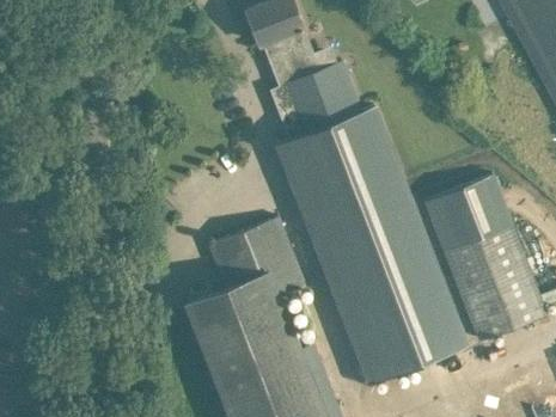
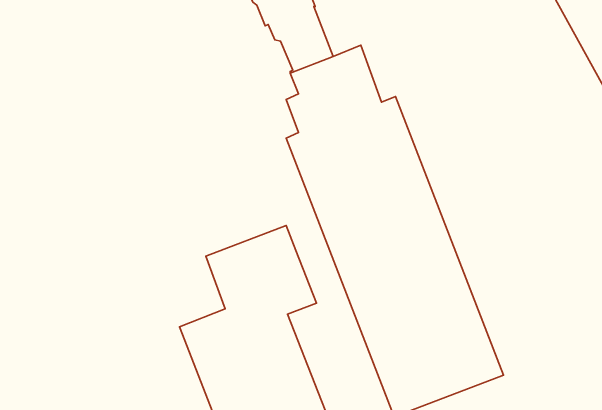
building: [424,174,546,342] -> none

